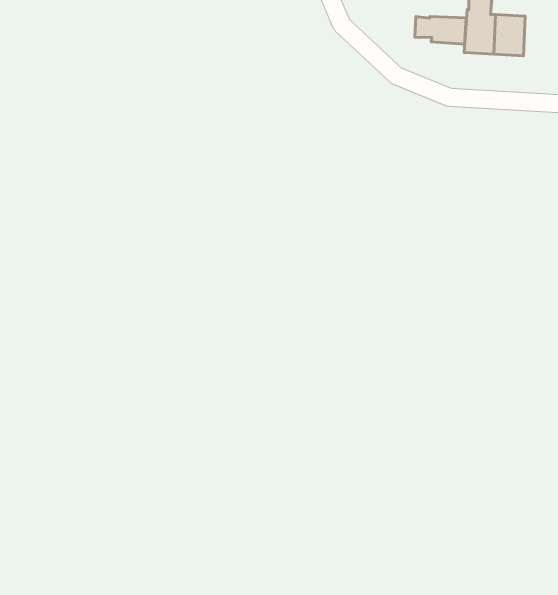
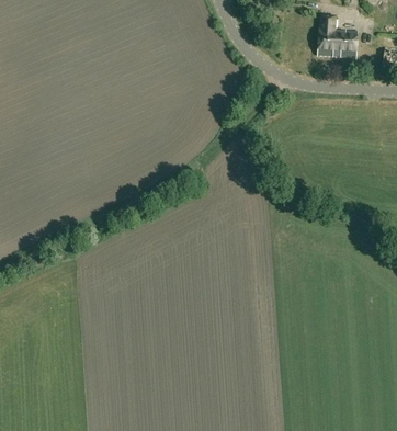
building: [415,16,466,44] -> none

